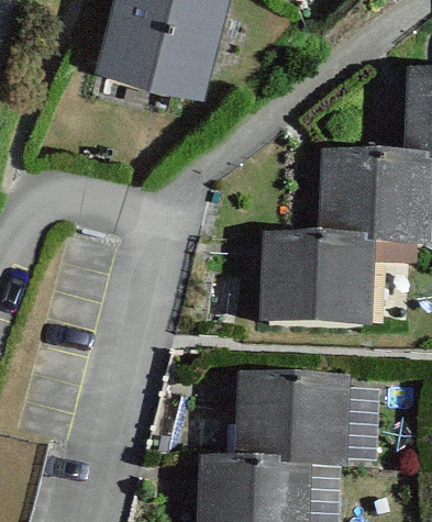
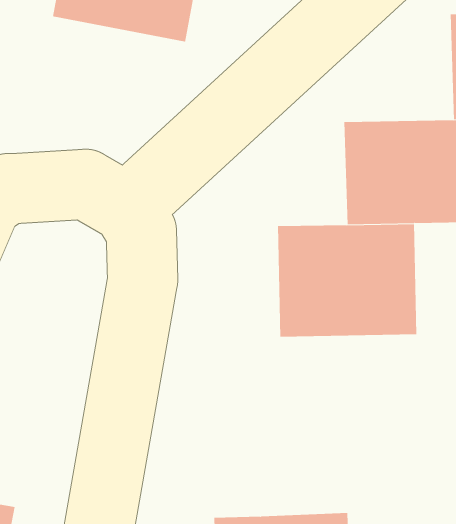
building: [241,377,353,466] -> none

